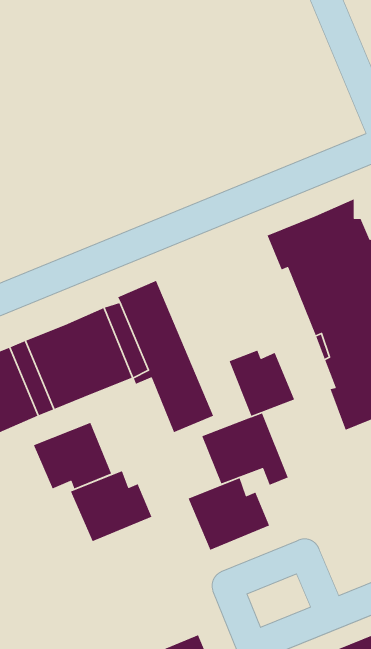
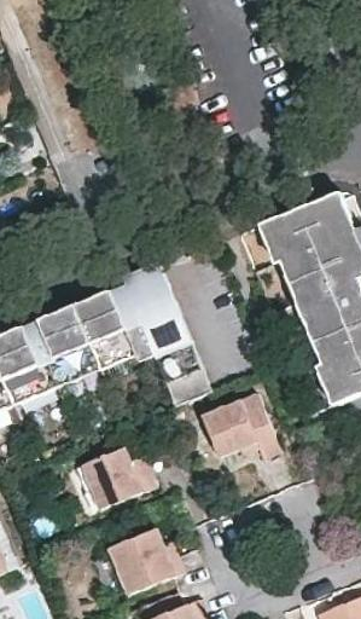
building: [228,349,295,417] -> none
building: [33,422,112,490] -> none
building: [188,477,270,551] -> [109,526,185,594]

